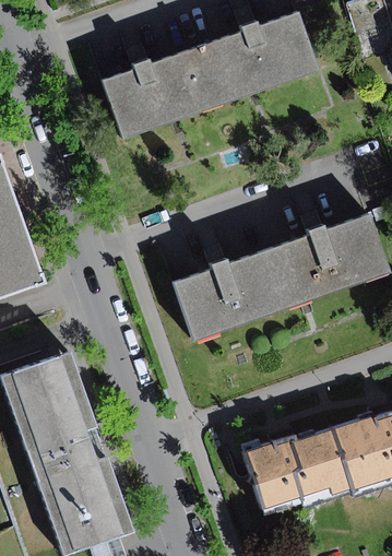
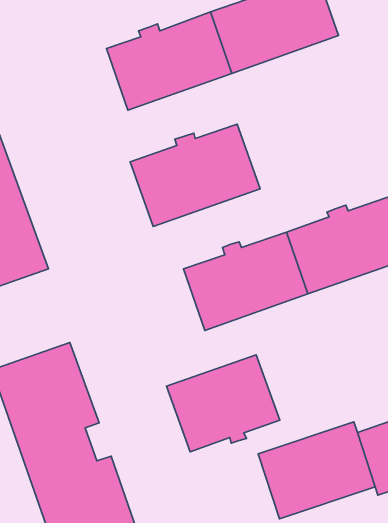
building: none -> [130,124,260,227]
building: none -> [167,355,280,452]

